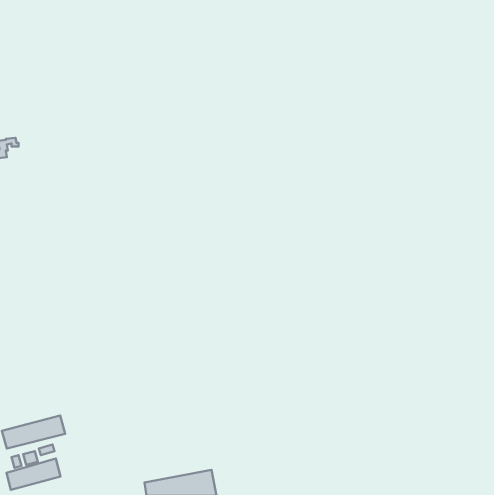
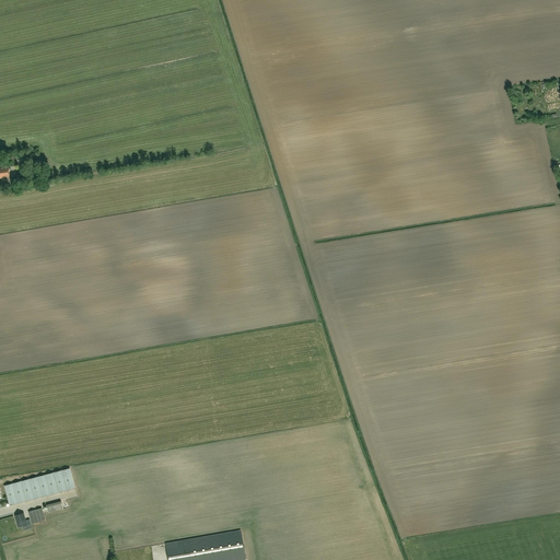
building: [6,459,61,490] -> none

